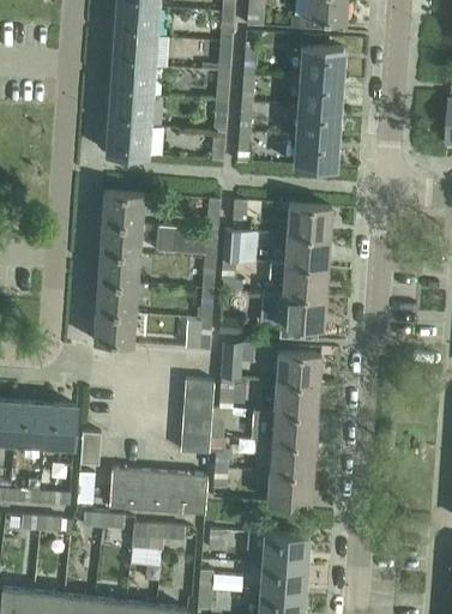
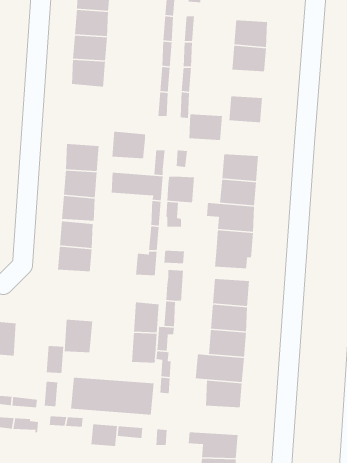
building: [297,106,338,138] -> [188,113,223,141]
building: [107,122,147,156] -> [112,131,146,159]
building: [42,404,77,445] -> [64,319,93,353]

